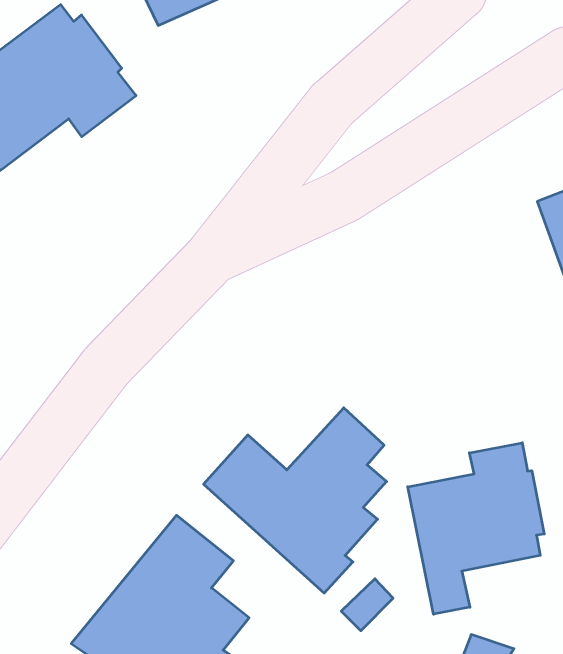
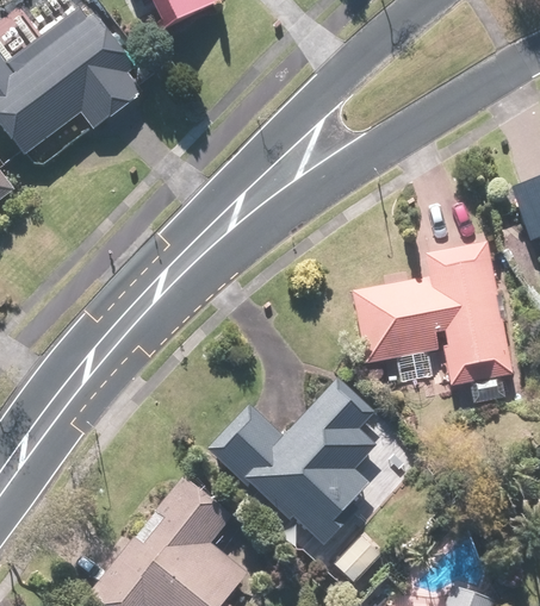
building: none -> [352,243,513,385]
building: [408,443,544,614] -> none

